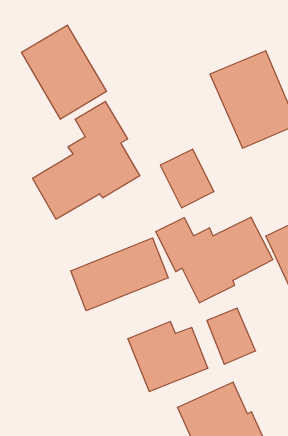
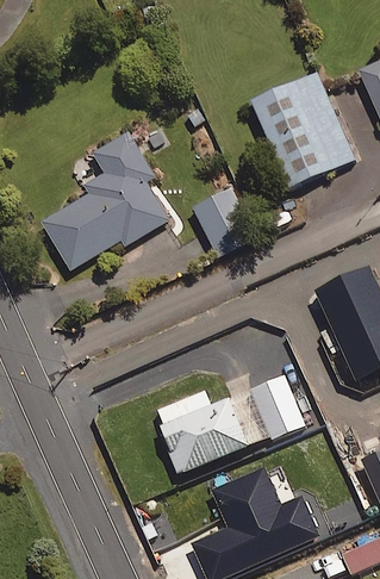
building: [22,25,107,119] -> none
building: [156,217,273,303] -> none
building: [71,238,168,311] -> none

